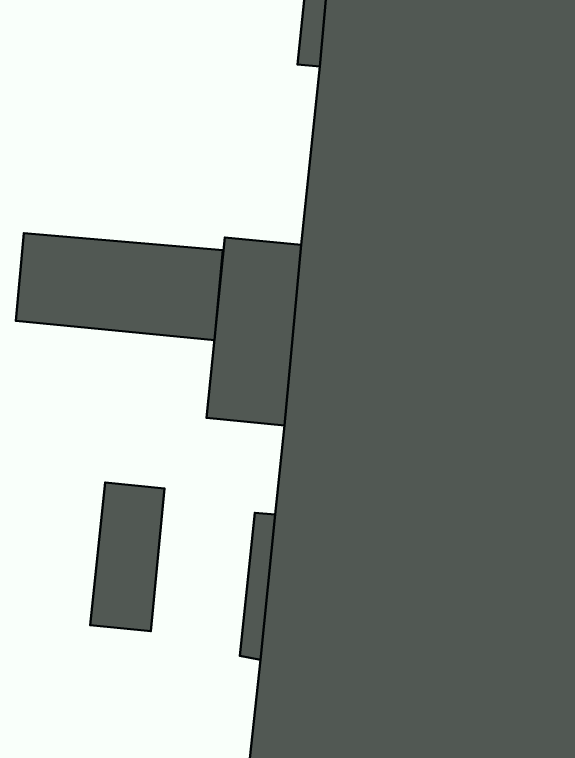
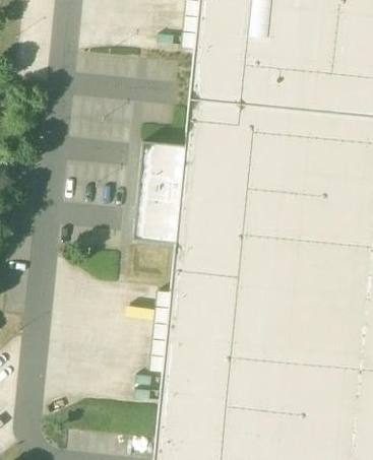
building: [16,233,223,340] -> none
building: [90,482,164,631] -> none

